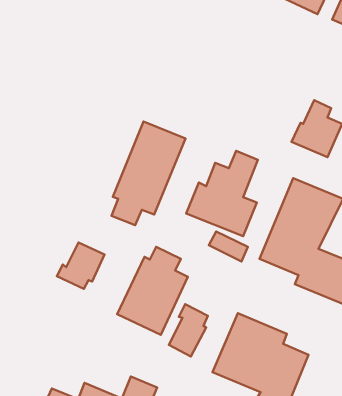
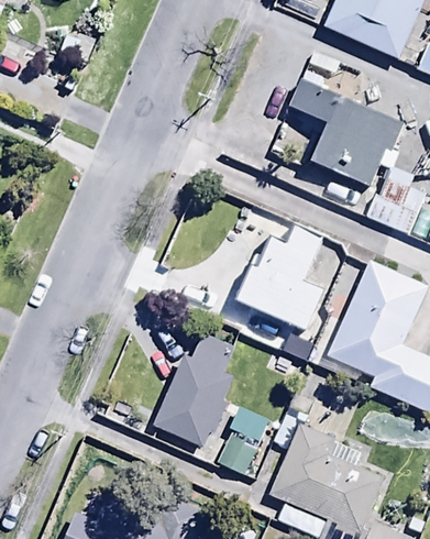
building: none -> [289,76,398,185]
building: [112,122,185,225] -> none
building: [57,242,105,289] -> none

